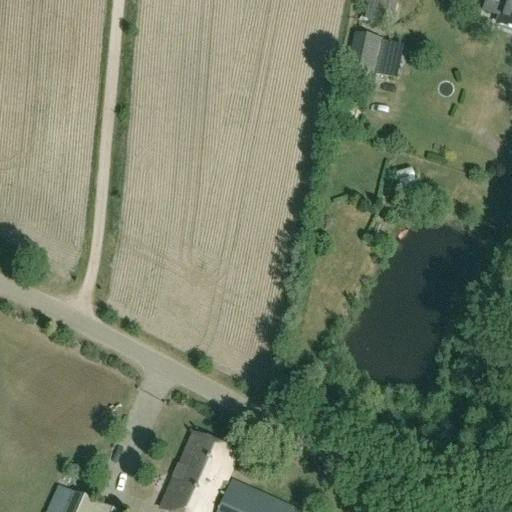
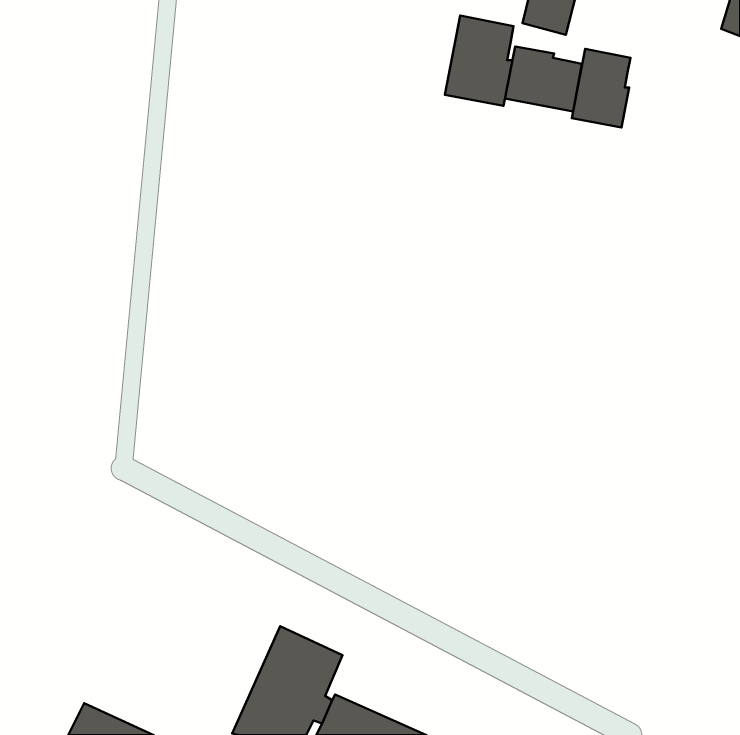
building: none -> [445,15,513,106]
building: none -> [572,49,630,127]

